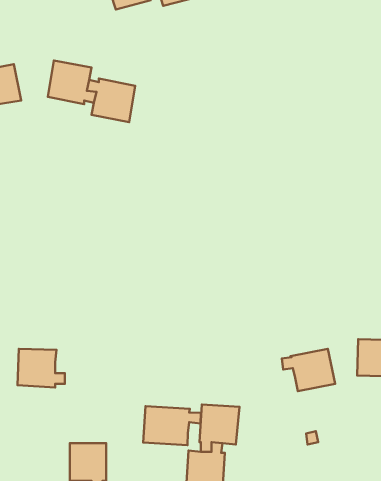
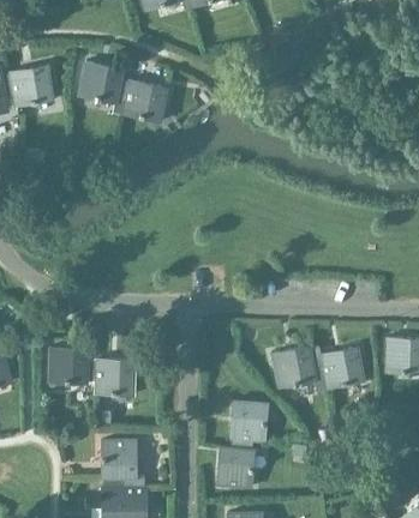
building: none -> [271,345,324,388]
building: none -> [86,359,134,396]
building: [143,406,201,445] -> none

